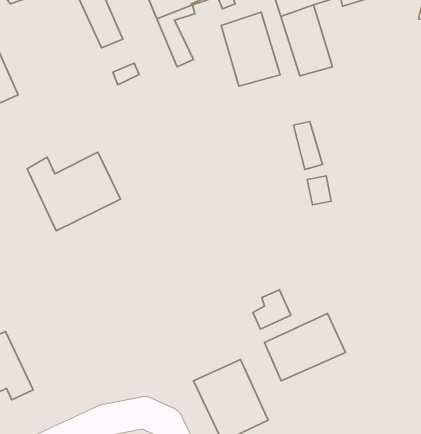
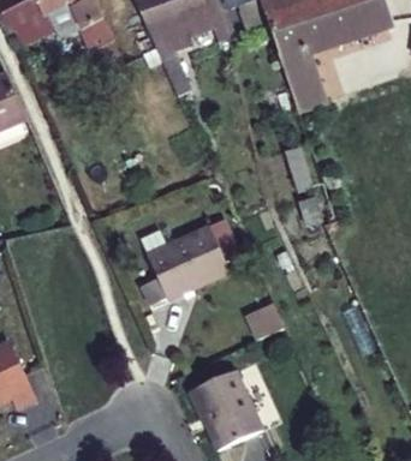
building: [221,12,280,86] -> none
building: [27,152,121,231] -> [141,228,230,303]
building: [264,314,345,381] -> none

